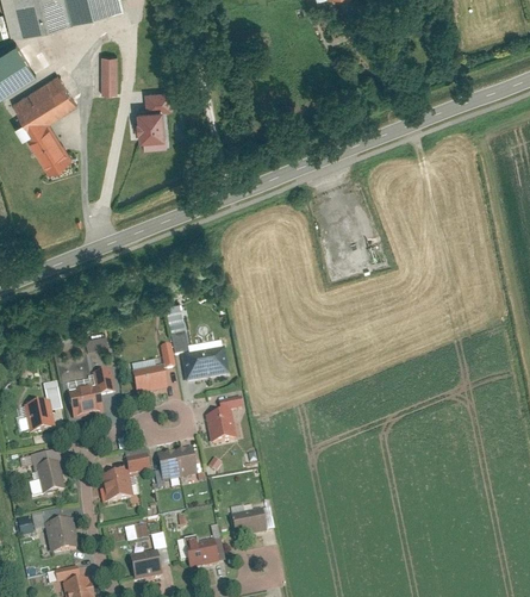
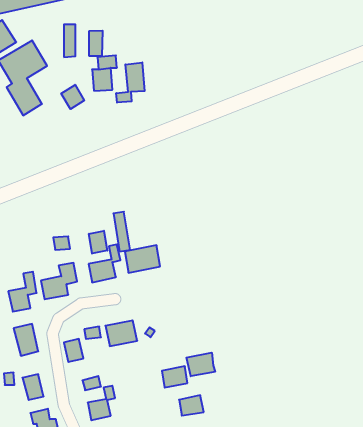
building: none -> [89,31,103,56]
building: none -> [116,62,145,103]
building: none -> [61,85,84,109]
building: none -> [89,231,107,254]
building: [207,398,241,444] -> none
building: none -> [186,353,215,376]
building: [187,540,220,567] -> [179,395,204,416]

